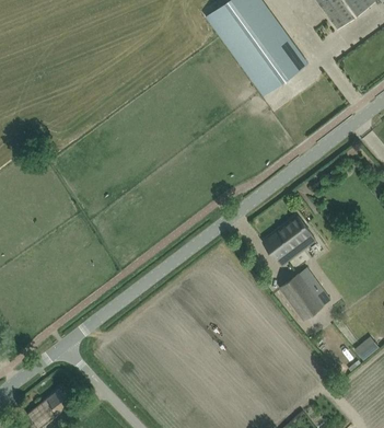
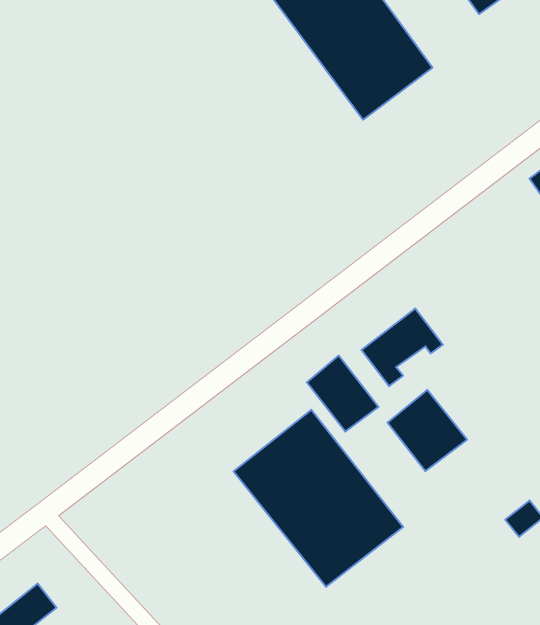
building: none -> [307,356,379,432]
building: none -> [234,410,403,587]

